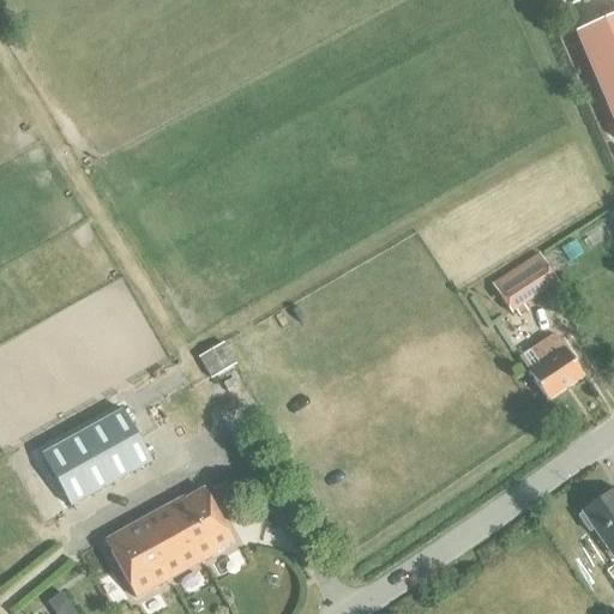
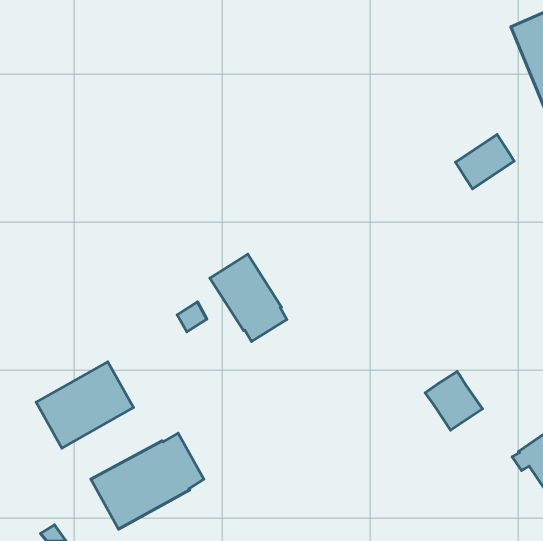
building: [493,249,559,311] -> [455,134,514,189]
building: none -> [210,254,287,341]
building: [519,331,584,397] -> [425,372,483,430]

